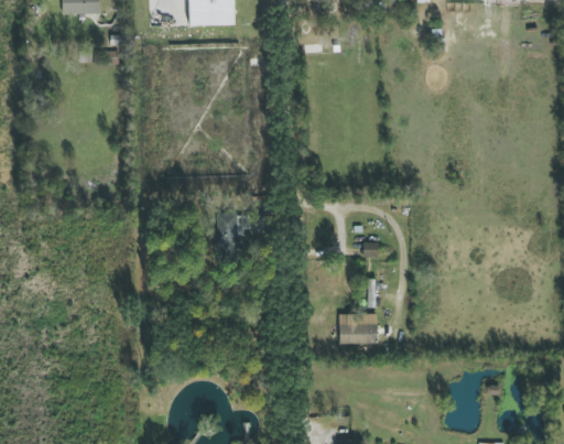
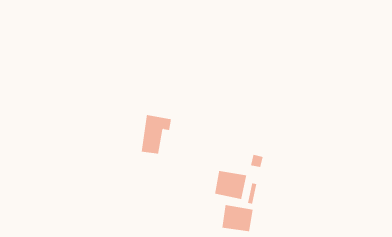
building: none -> [215,170,247,200]

